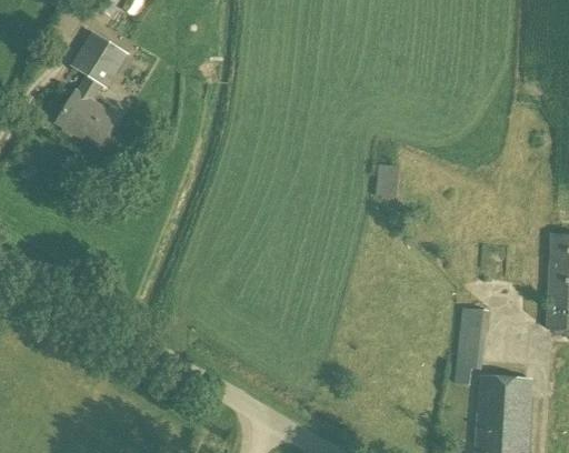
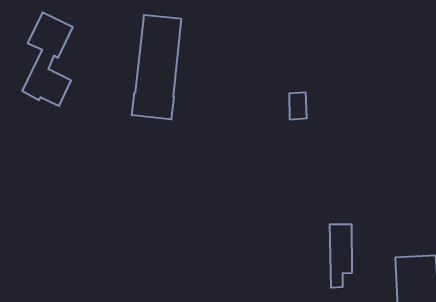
building: none -> [132,15,181,120]
building: [453,308,488,384] -> [330,225,352,288]

